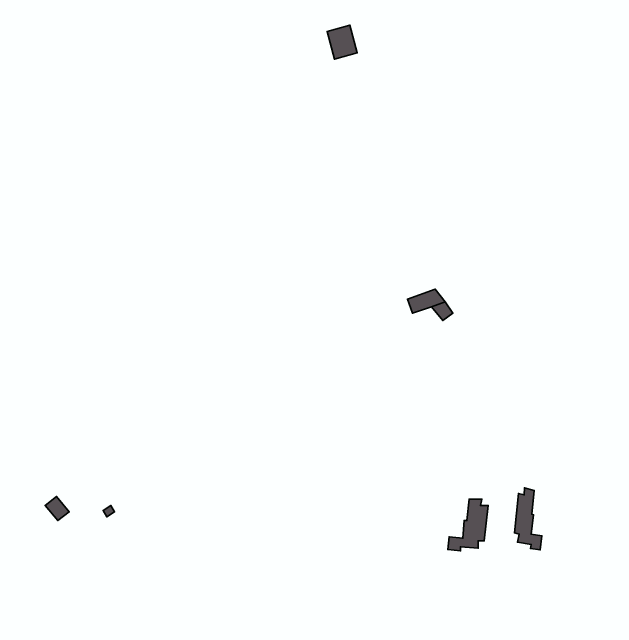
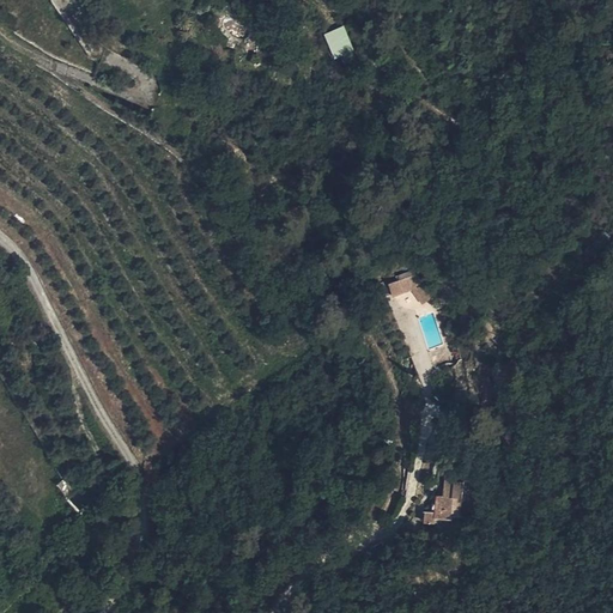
building: [514,488,542,550] -> none

